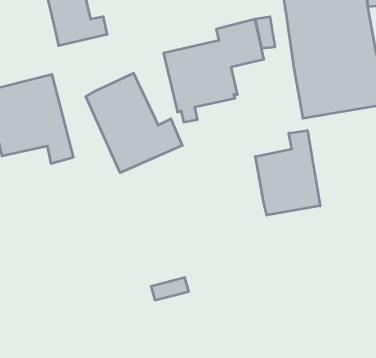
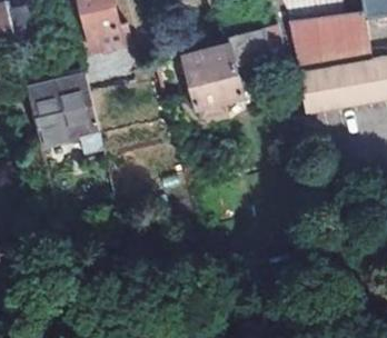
building: [86,73,182,173] -> none
building: [255,130,320,215] -> none

